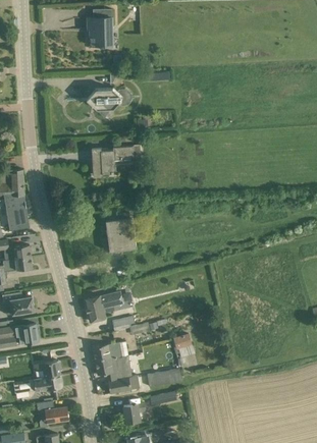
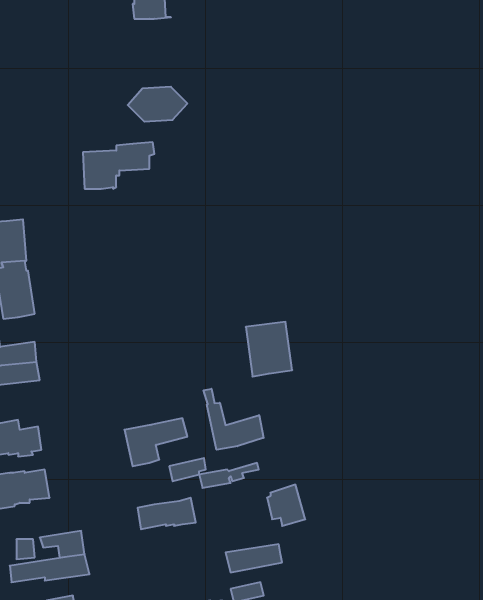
building: [92,146,136,174] -> [83,142,154,189]
building: [105,219,134,253] -> [246,322,292,377]
building: none -> [204,389,264,450]
building: [94,356,139,394] -> none

